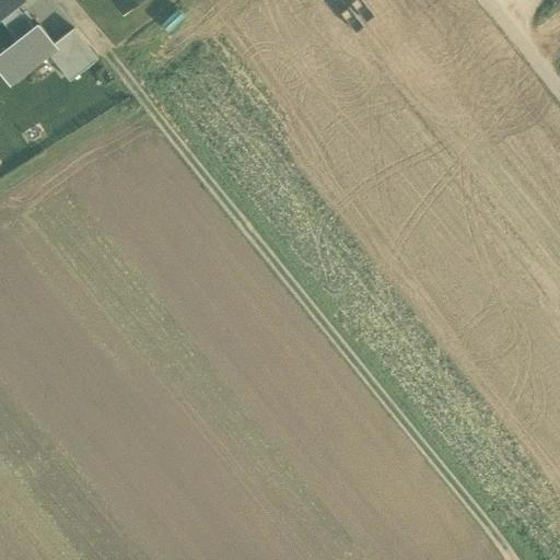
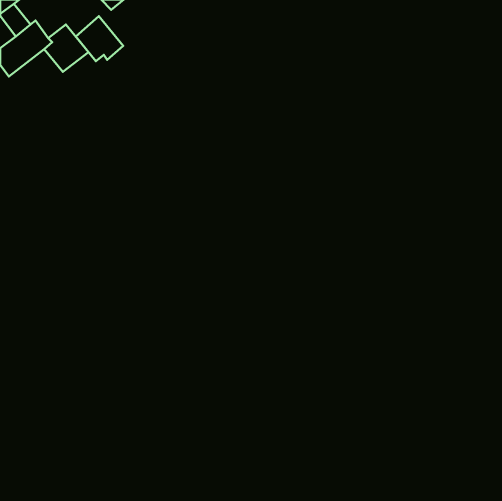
building: none -> [76,16,123,61]

